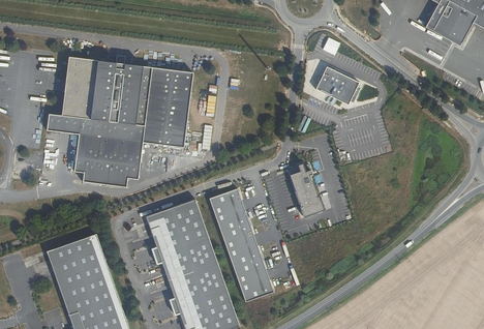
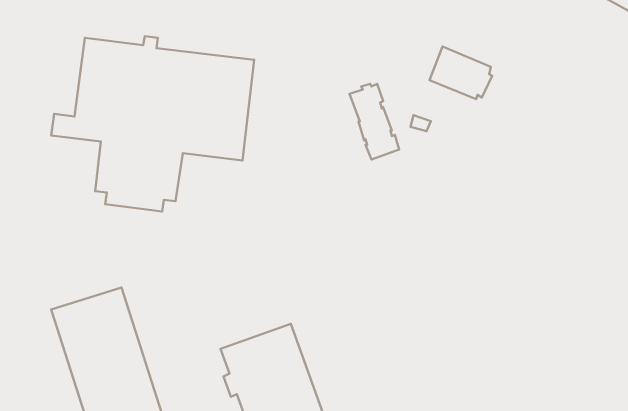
building: [288,163,323,217] -> [350,84,399,160]
building: [209,190,273,302] -> none
building: [144,199,216,280] -> none

